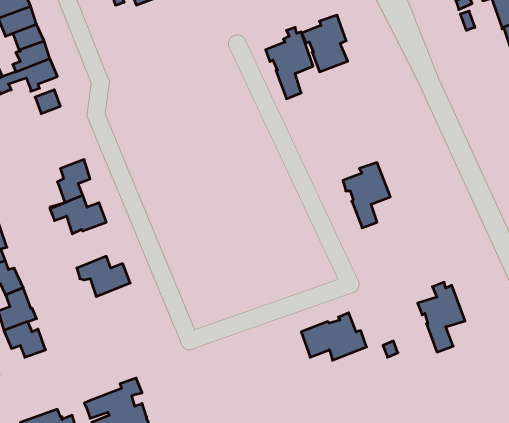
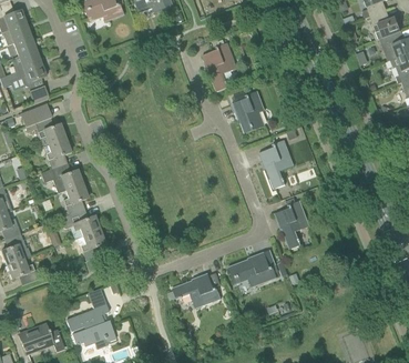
building: [302,15,348,72] -> [232,90,266,132]
building: none -> [21,102,65,145]
building: none -> [61,183,89,218]
building: [418,282,465,352] -> [275,196,310,249]
building: none -> [75,229,105,260]
building: none -> [172,272,222,307]

